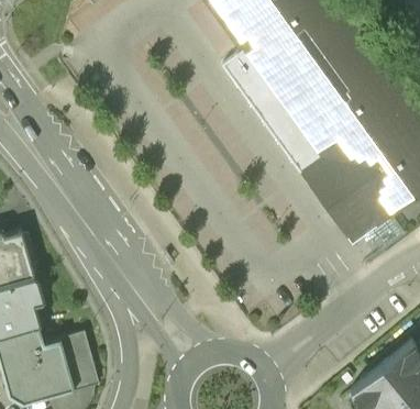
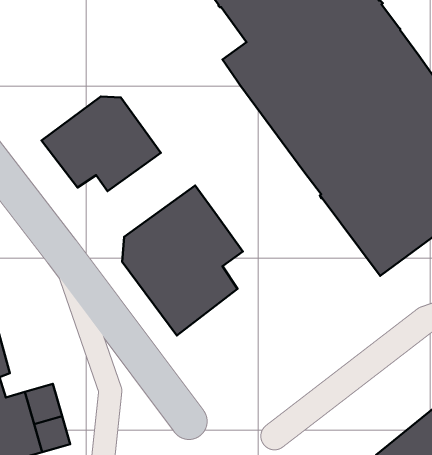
building: none -> [41,96,161,191]
building: none -> [122,186,243,335]

